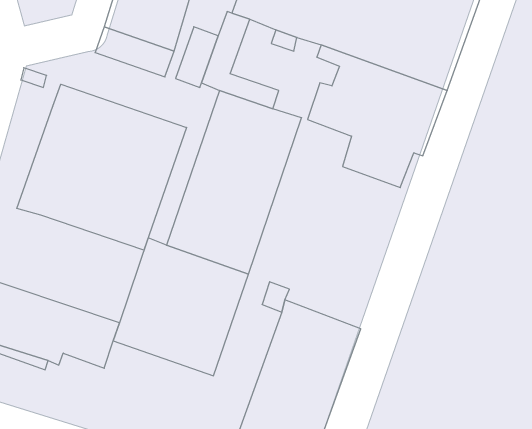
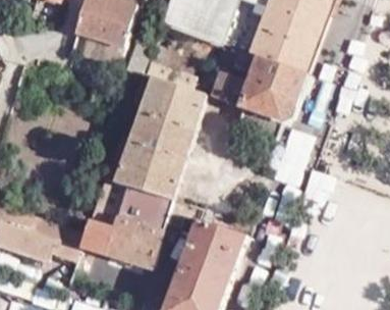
building: [17,84,187,250] -> none

